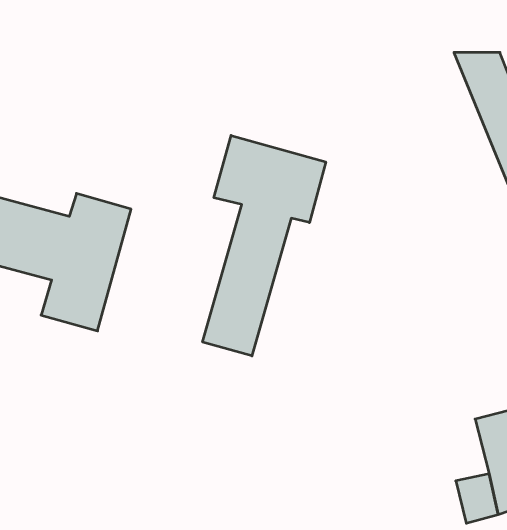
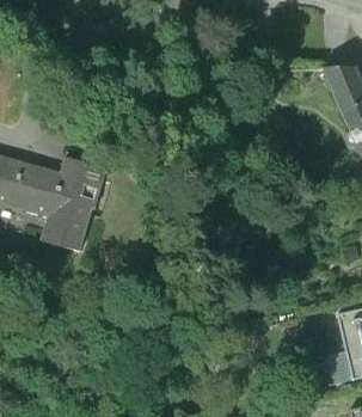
building: [203,135,326,356] -> none

